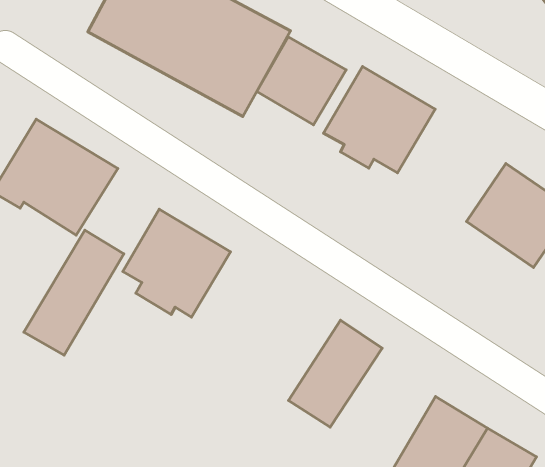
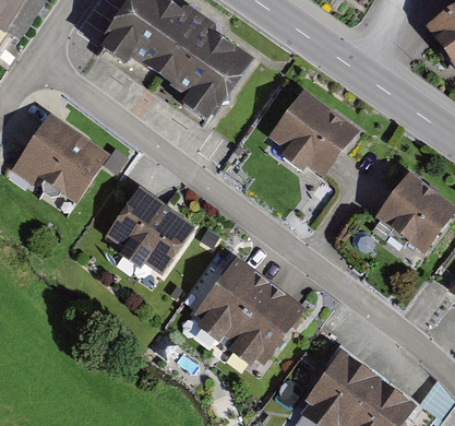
building: [257,37,346,125] -> none
building: [24,230,124,355] -> none
building: none -> [191,258,272,343]

